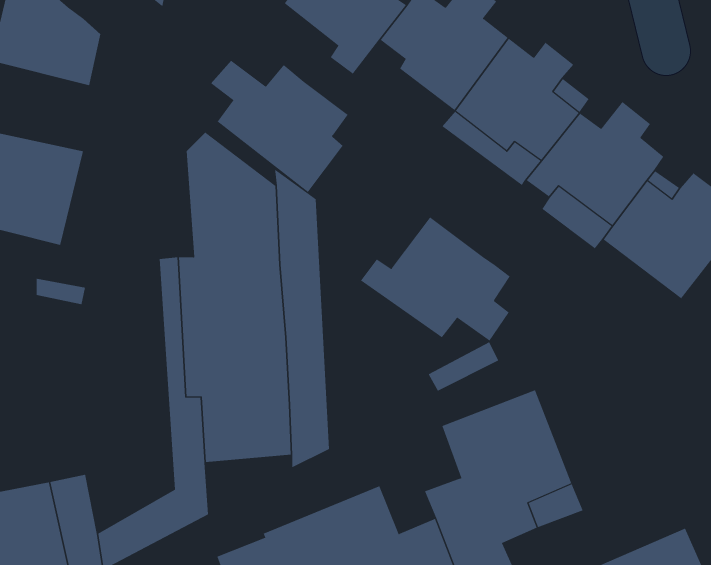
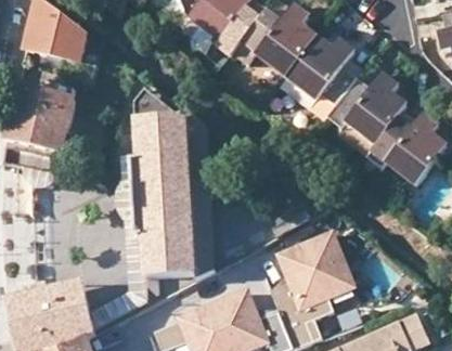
building: [210,60,349,193] -> none
building: [360,216,510,341] -> none

